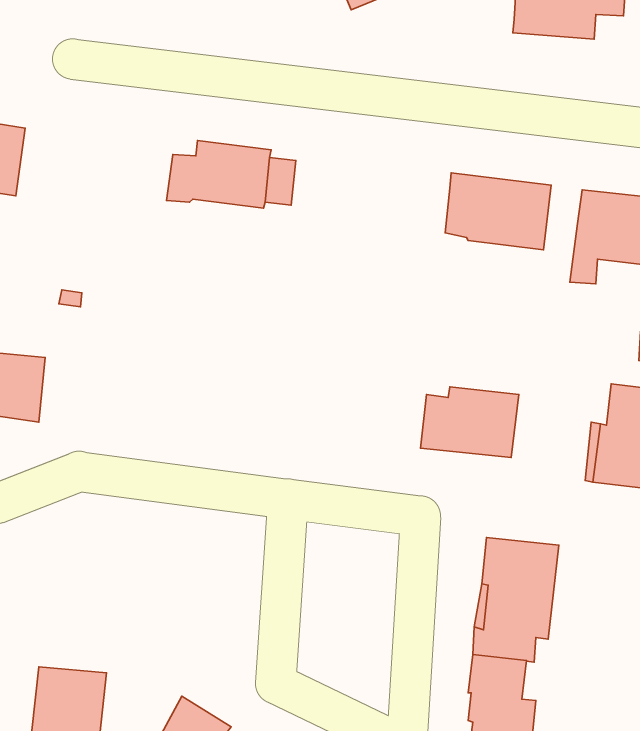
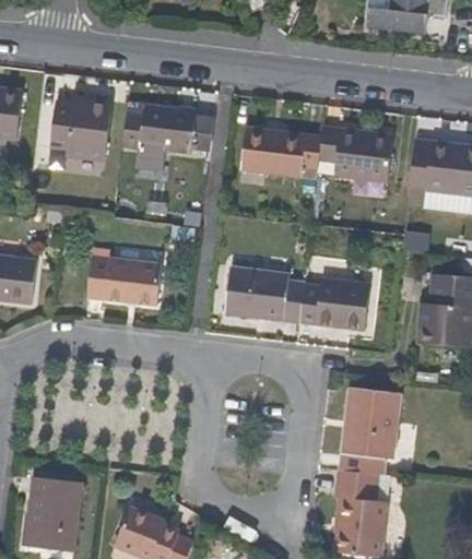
building: none -> [51,100,111,159]
building: none -> [243,129,322,178]
building: none -> [86,257,161,306]
building: none -> [226,269,306,323]

